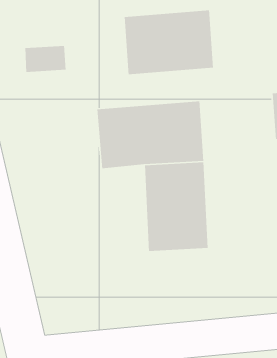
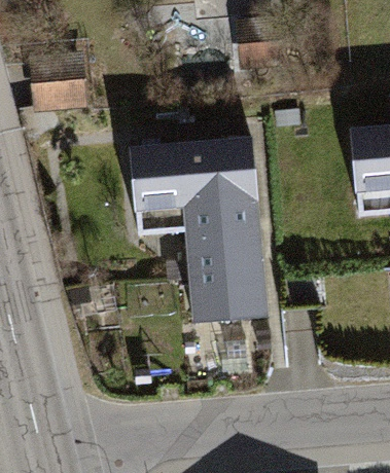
building: [124,10,214,75] -> none

